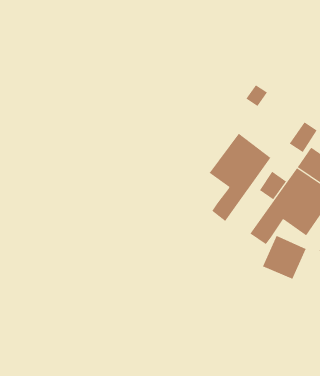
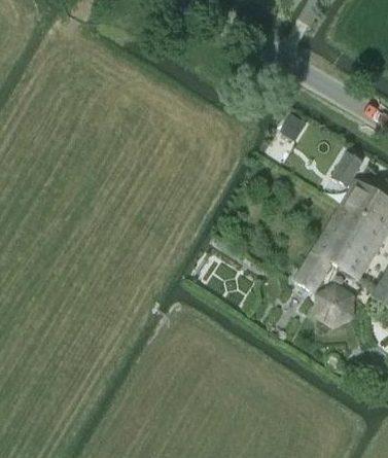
building: [209,133,271,222] -> none
building: [259,171,287,200] -> none

